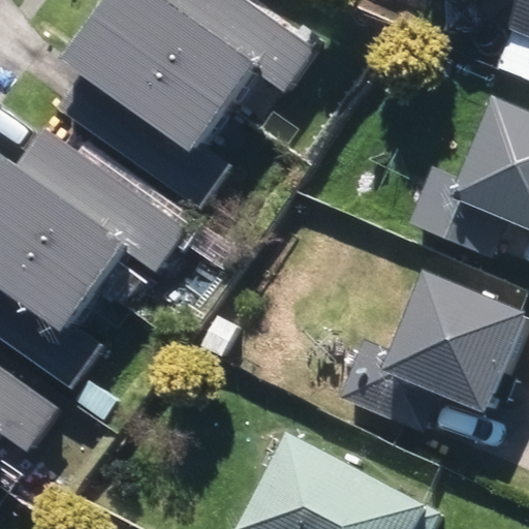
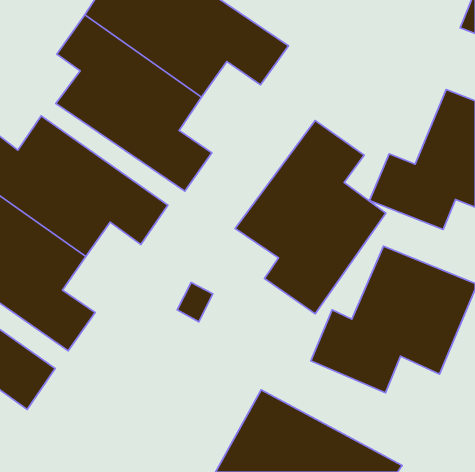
building: none -> [235,121,386,314]

